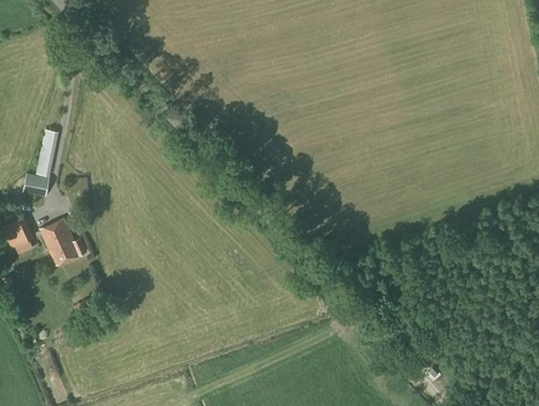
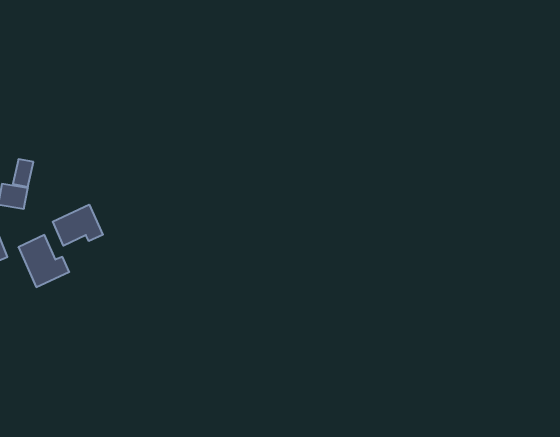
building: none -> [53,205,103,246]

